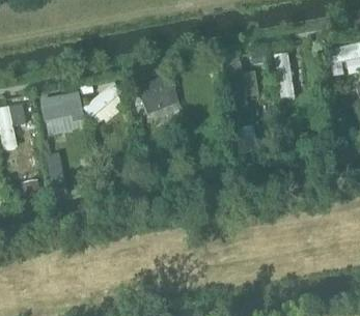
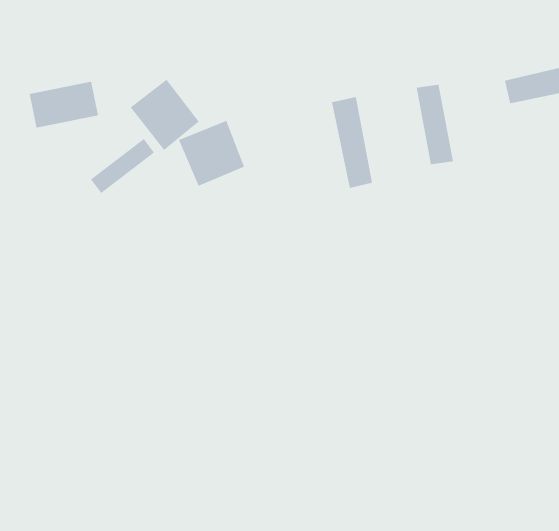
building: none -> [130,79,199,151]
building: [41,94,82,121] -> [29,81,99,128]

